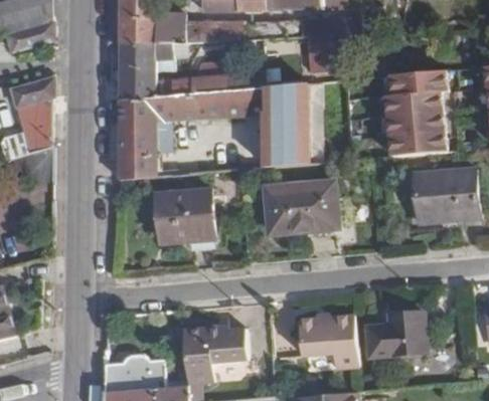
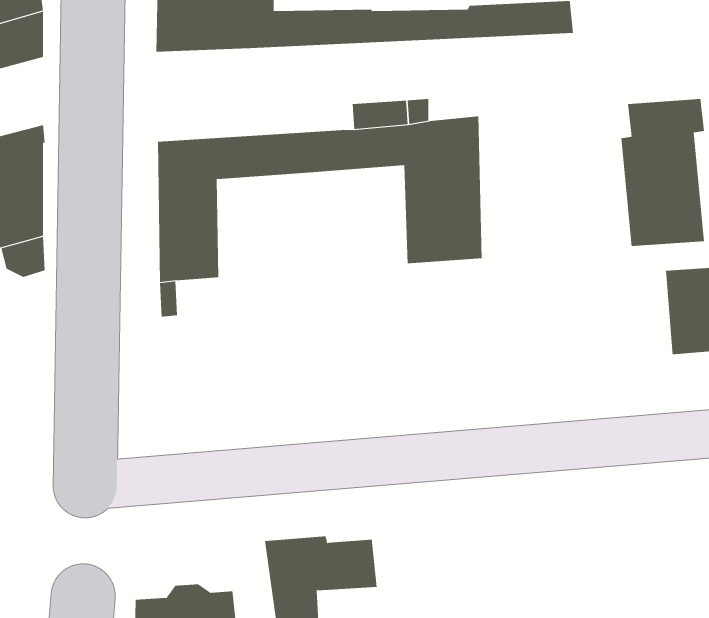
building: [118,42,229,96] -> none
building: [266,179,337,233] -> none
building: [156,189,215,242] -> none
building: [368,312,426,355] -> none
building: [296,314,355,365] -> none

